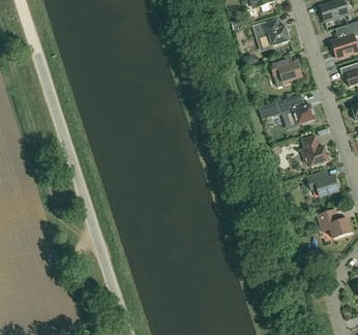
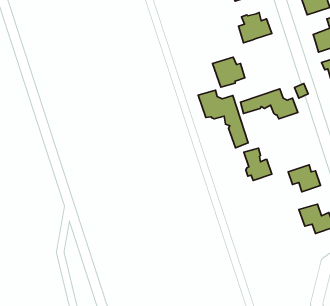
building: [269,56,301,86] -> [212,57,245,87]
building: none -> [198,90,248,148]
building: [301,134,329,166] -> [244,148,272,180]

